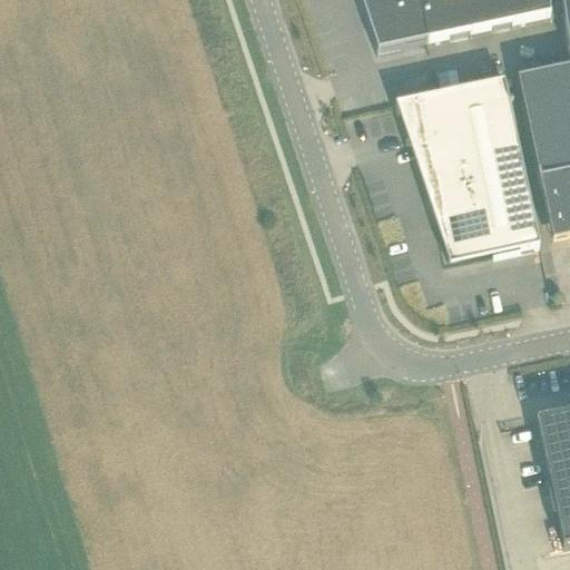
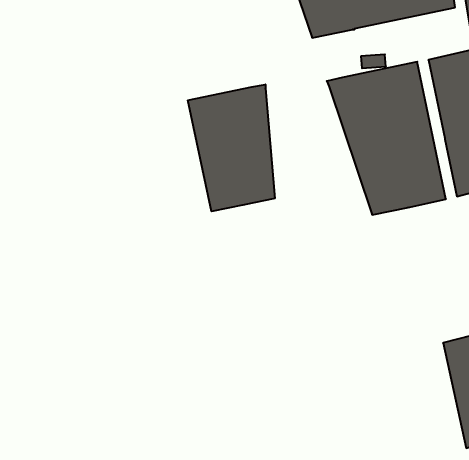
building: none -> [188,84,275,211]

